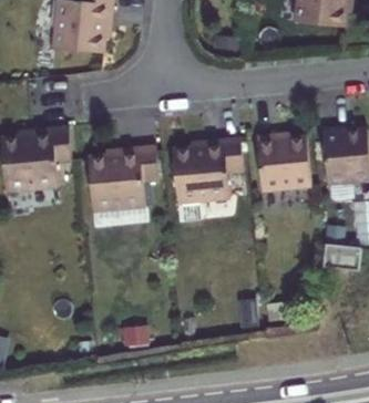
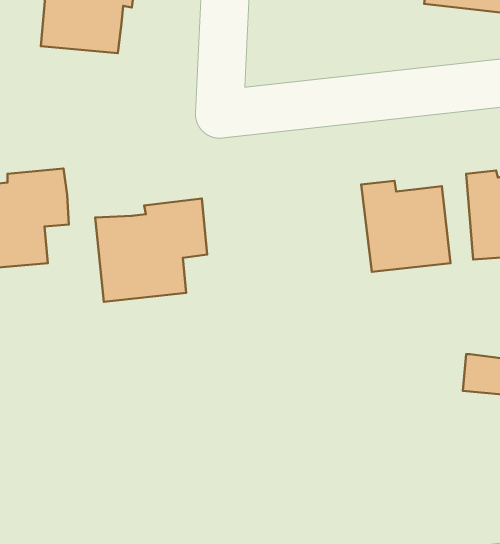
building: [172,136,242,220] -> none

